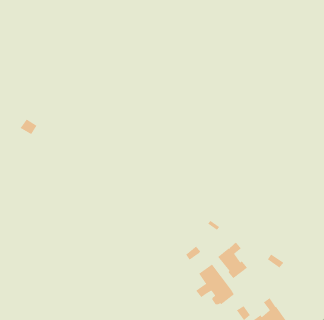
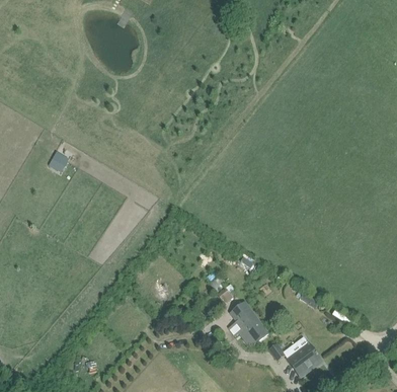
building: [217,241,248,279] -> none

